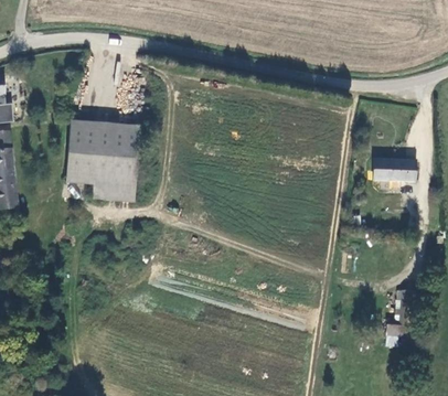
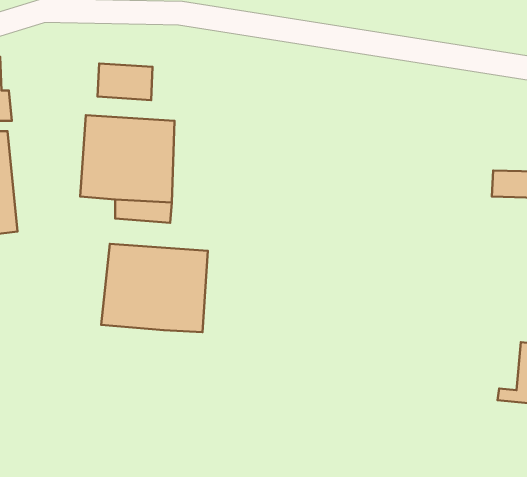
building: none -> [98,63,152,100]
building: none -> [101,244,208,332]

